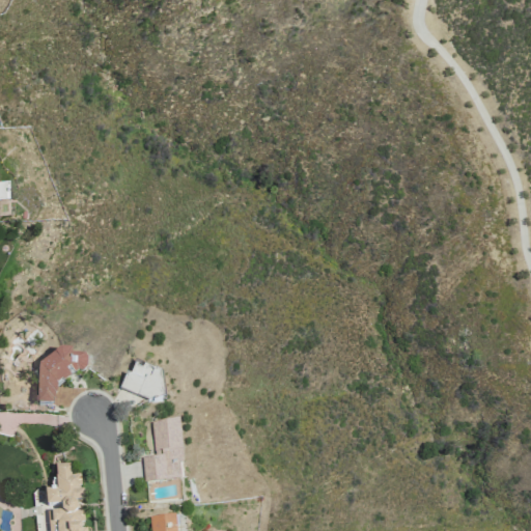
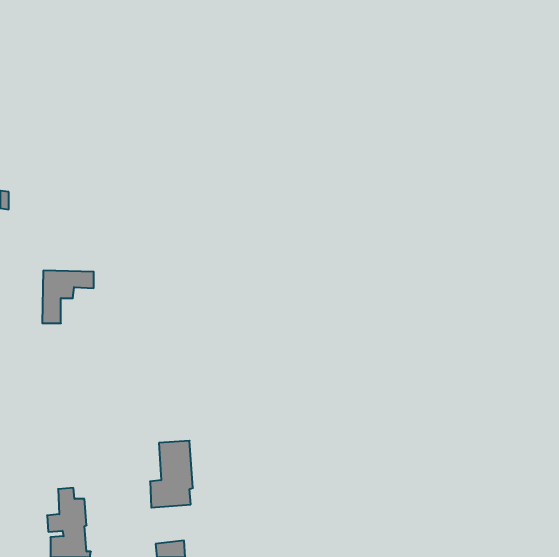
building: [38,353,87,402] -> [42,271,94,323]
building: [121,360,168,401] -> none

